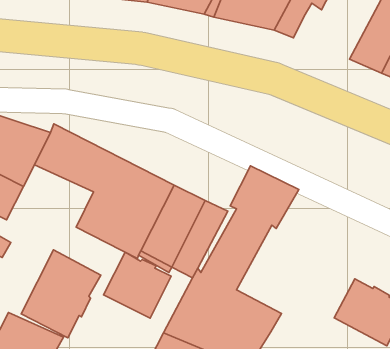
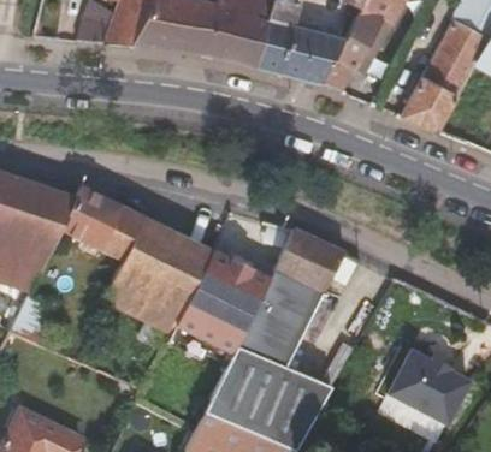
building: [21,250,101,338] -> none
building: [104,252,171,318] -> none

